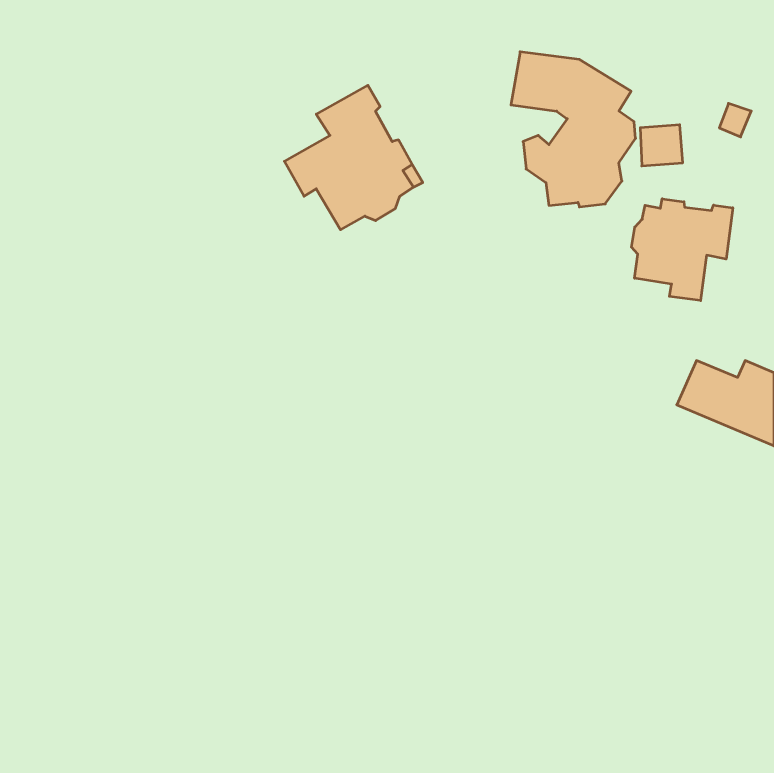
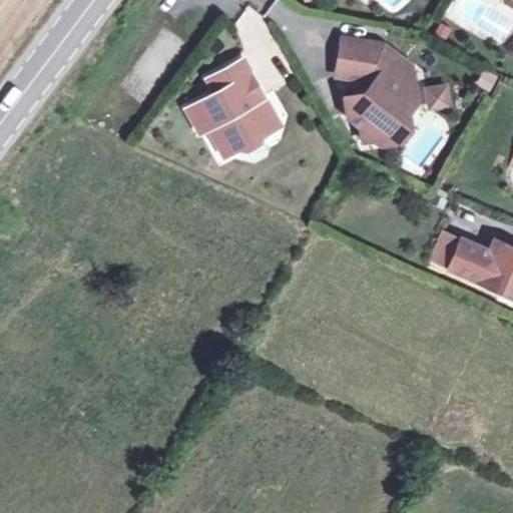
building: [631,199,733,301] -> none

